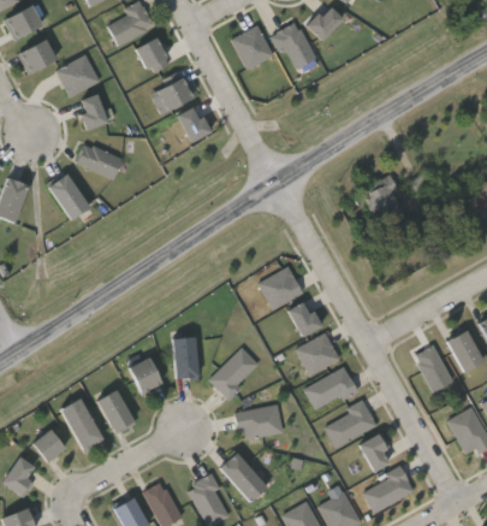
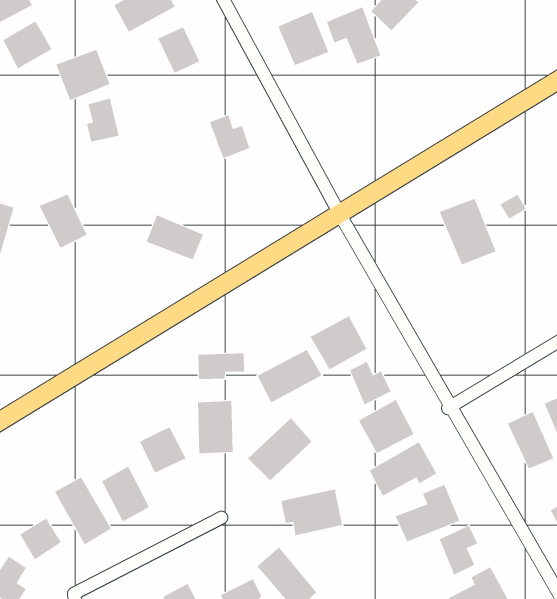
building: [152,72,192,110] -> none
building: [76,140,121,176] -> [146,215,204,260]
building: none -> [257,349,322,403]
building: none -> [198,353,244,380]

